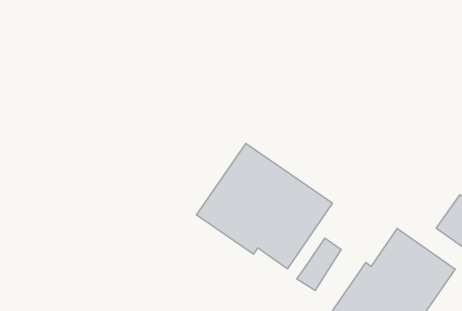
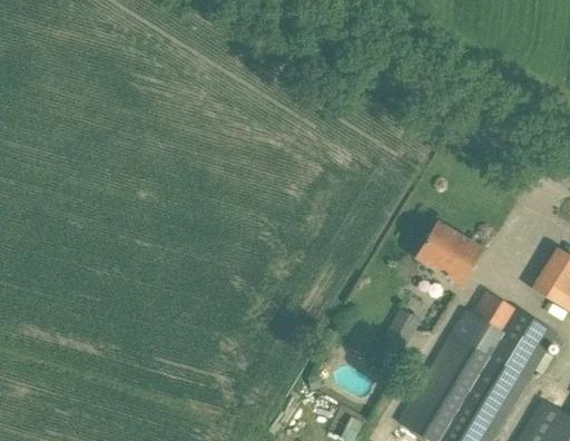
building: [196,143,332,269] -> none
building: none -> [417,222,483,284]

